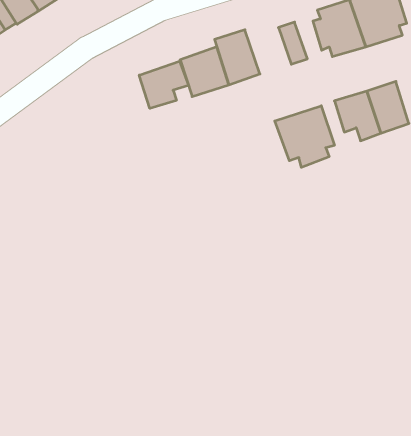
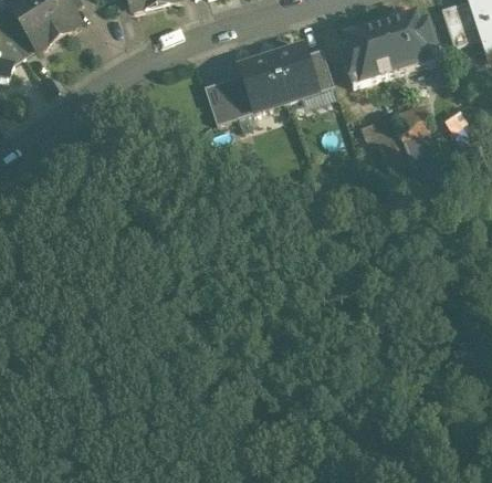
building: none -> [272,43,320,99]
building: [139,61,188,108] -> none
building: [275,106,334,167] -> none

